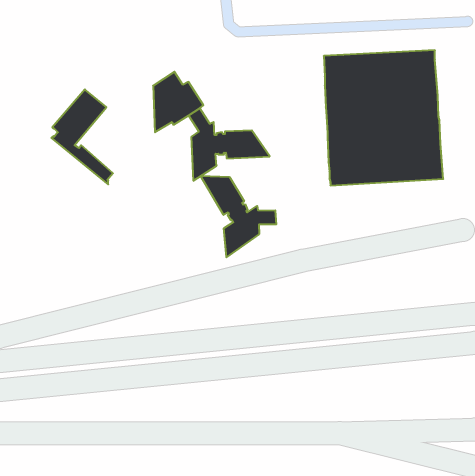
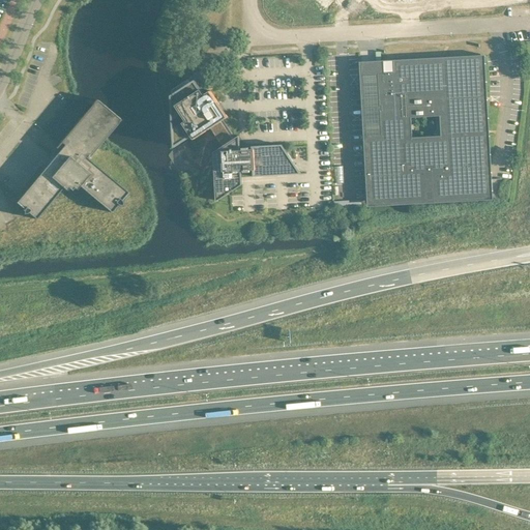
building: none -> [13,153,120,218]
building: [201,176,276,257] -> none

